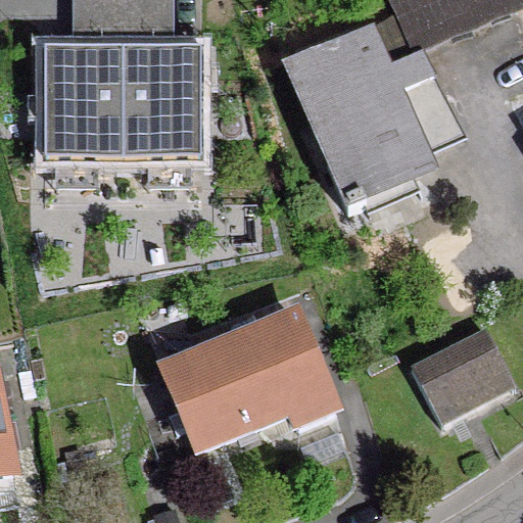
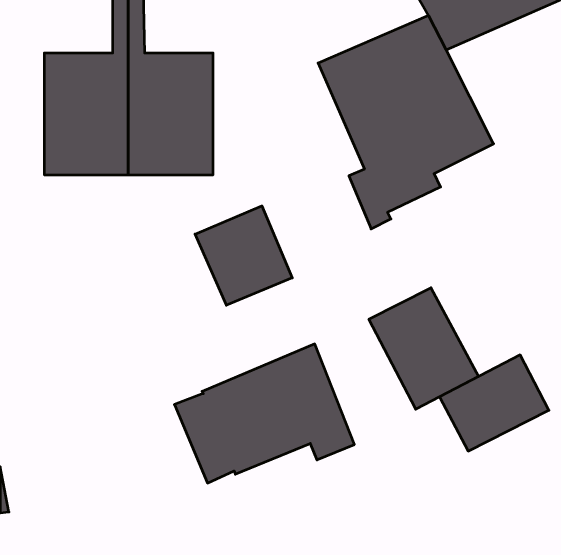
building: none -> [195,206,292,305]
building: none -> [369,288,478,409]

